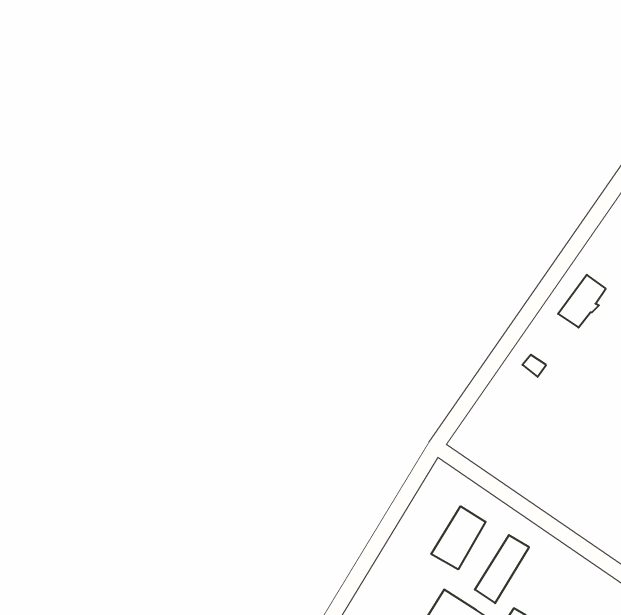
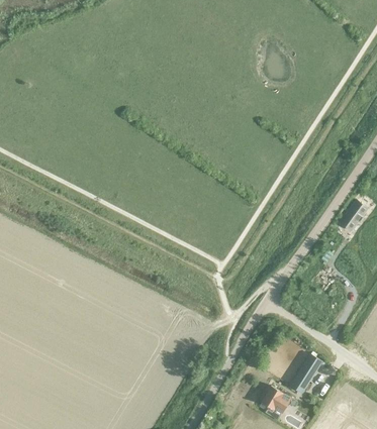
building: [431,506,486,569] -> none

